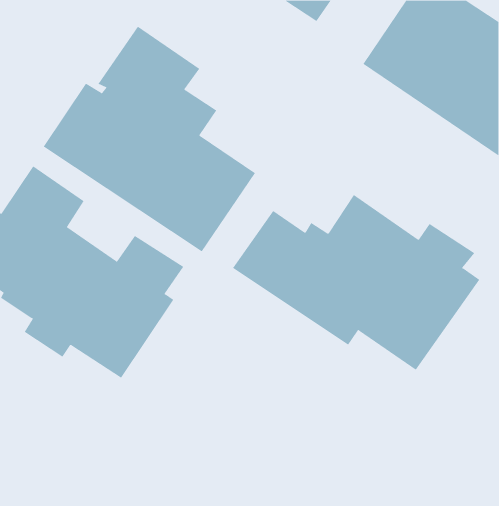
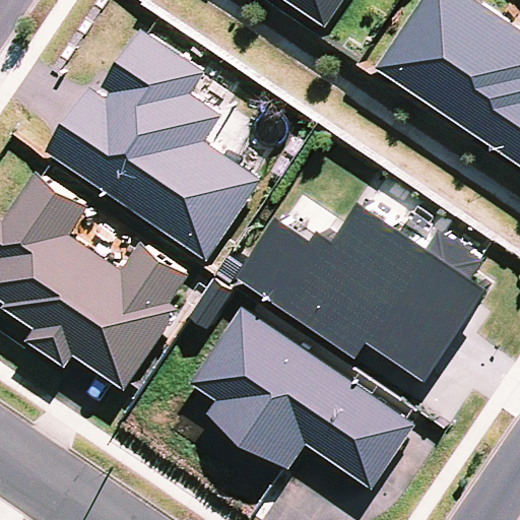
building: none -> [188,306,415,489]

